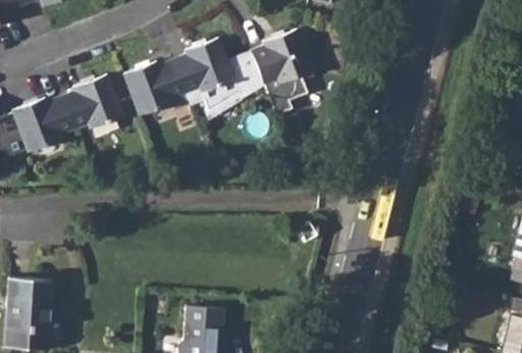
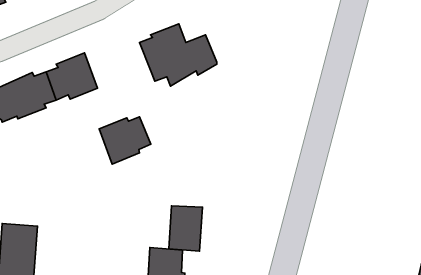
building: [251,31,313,116] -> none
building: [124,61,186,117] -> [99,117,151,164]
building: none -> [169,206,202,251]

